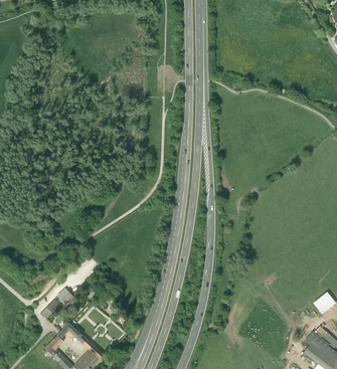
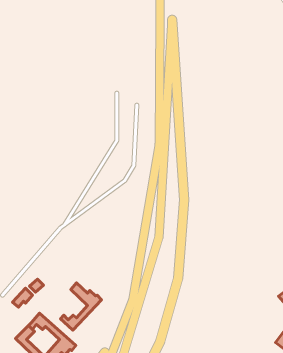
building: none -> [61,283,102,330]

